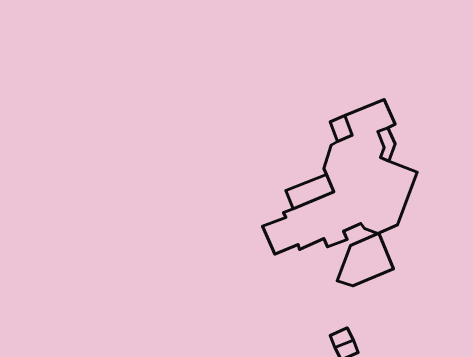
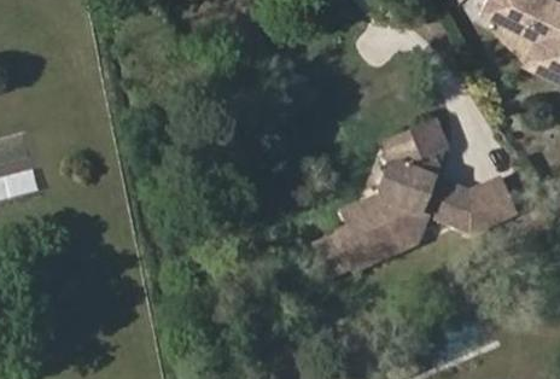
building: [337,233,393,286] -> [449,183,504,235]

